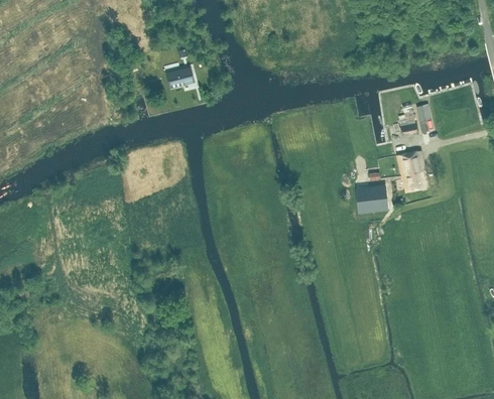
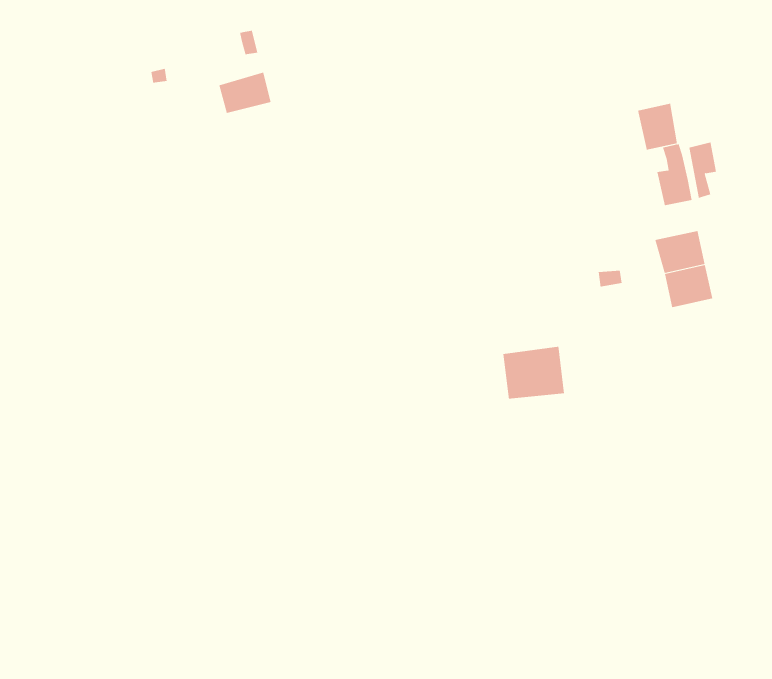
building: none -> [638,103,678,150]
building: [355,184,388,213] -> [502,346,565,399]

